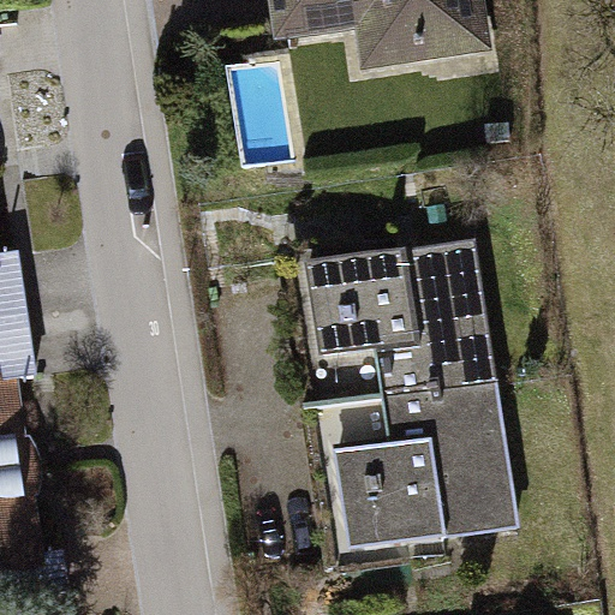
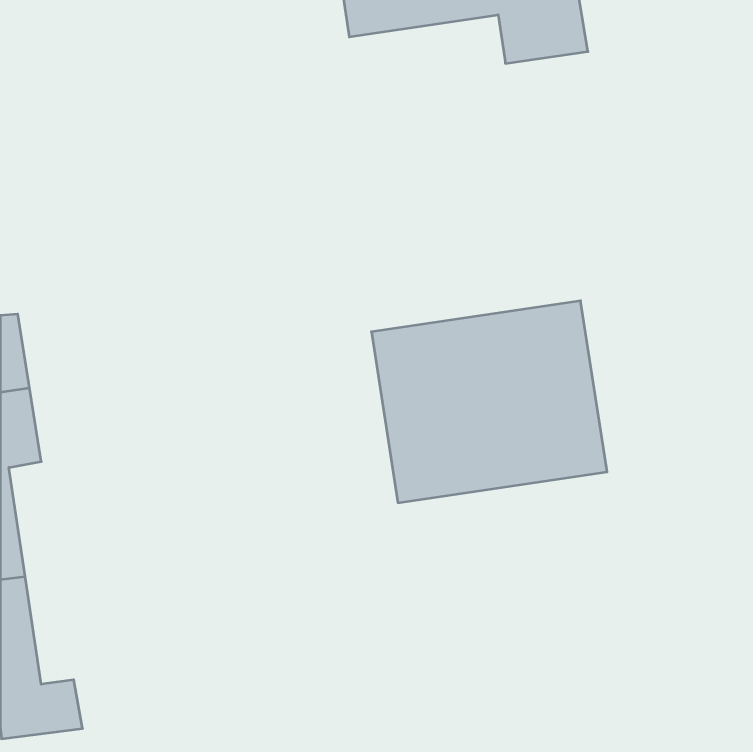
building: [324,384,517,553] -> none

